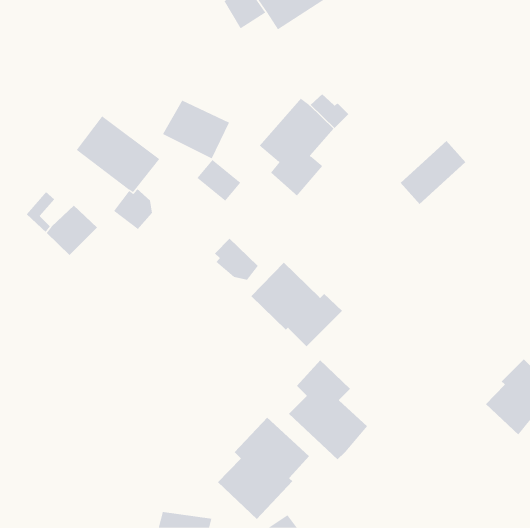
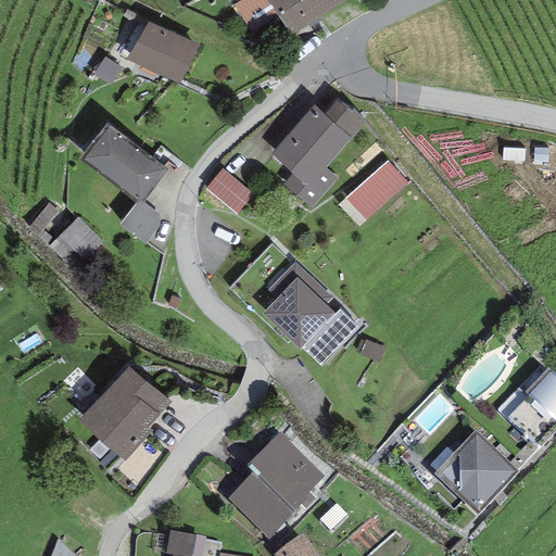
building: [162,100,230,159] -> [128,18,199,80]
building: [400,140,466,205] -> [339,157,408,225]
building: [214,238,258,281] -> none
building: none -> [80,362,172,457]
building: [288,360,368,460] -> none
building: none -> [434,437,519,521]

